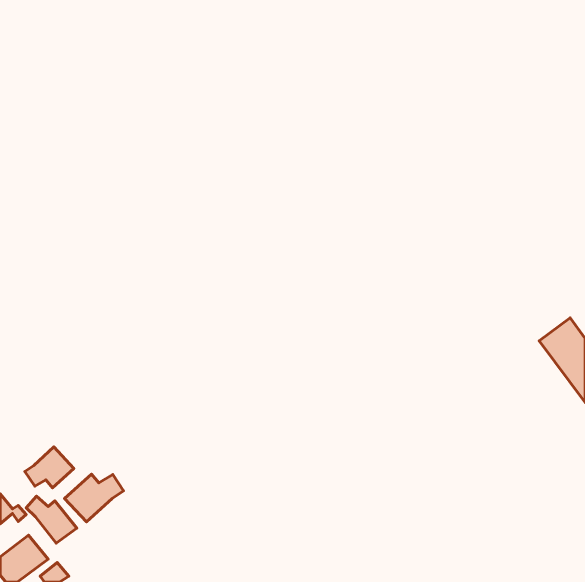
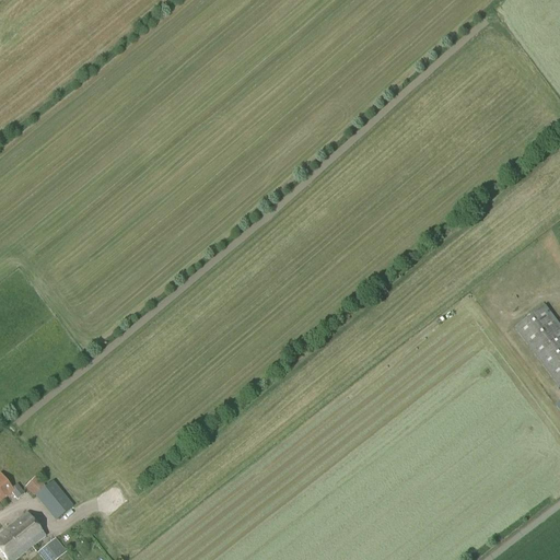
building: [25,447,74,488] -> none
building: [64,474,123,522] -> none

